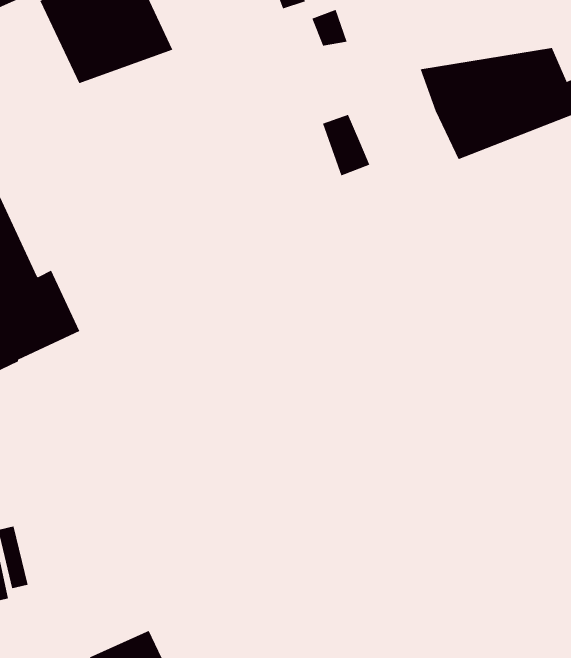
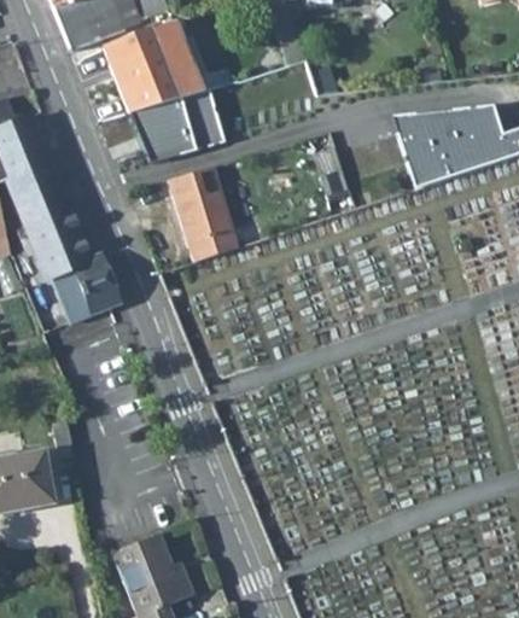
building: none -> [129,87,223,162]
building: none -> [170,165,238,260]

